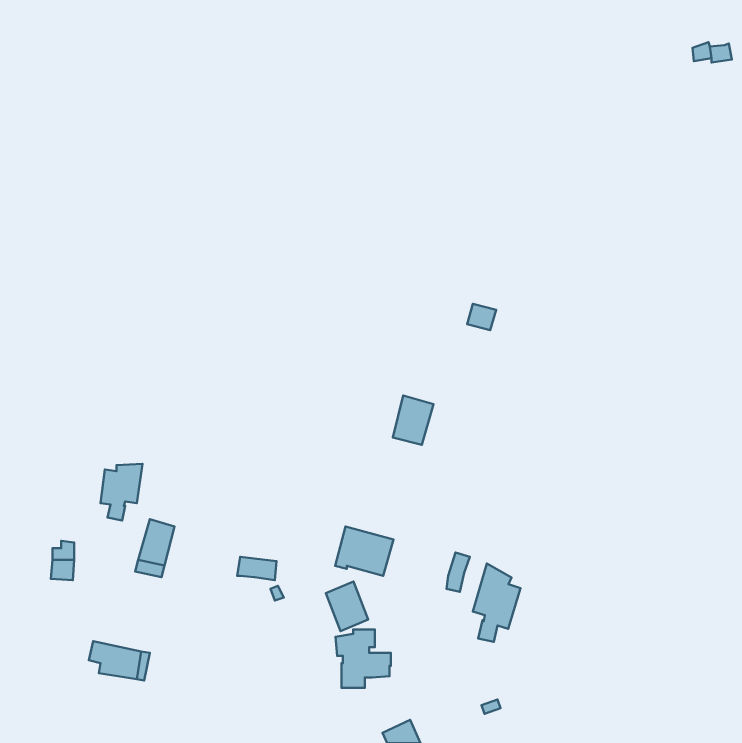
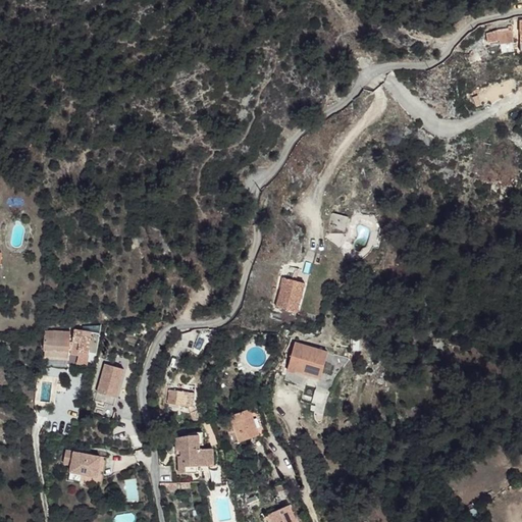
building: none -> [43,330,69,359]
building: [335,527,393,576] -> [286,343,327,377]
building: [473,564,521,642] -> none
building: [336,630,391,688] -> [174,432,213,473]

